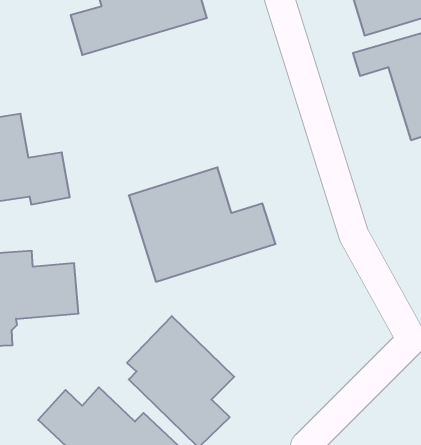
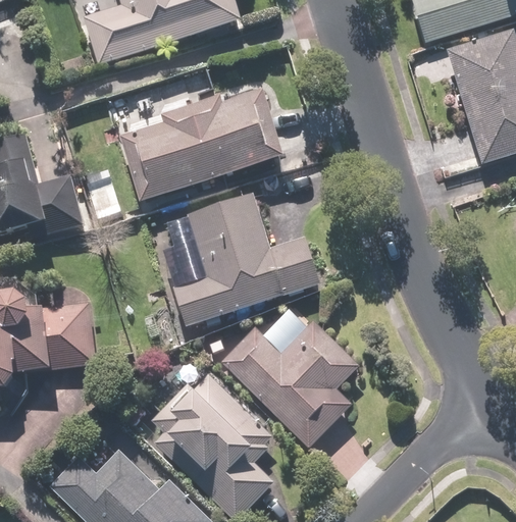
building: none -> [120,91,287,199]
building: none -> [217,308,360,448]

